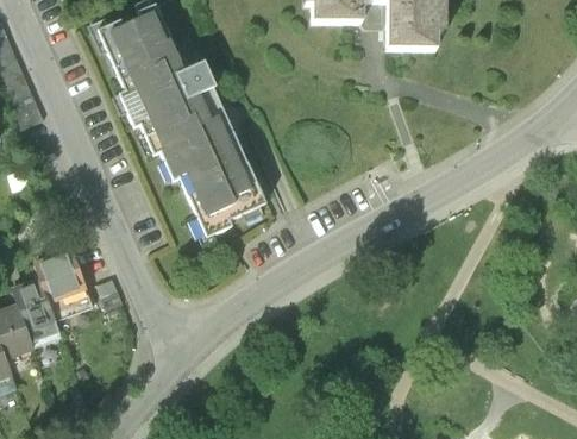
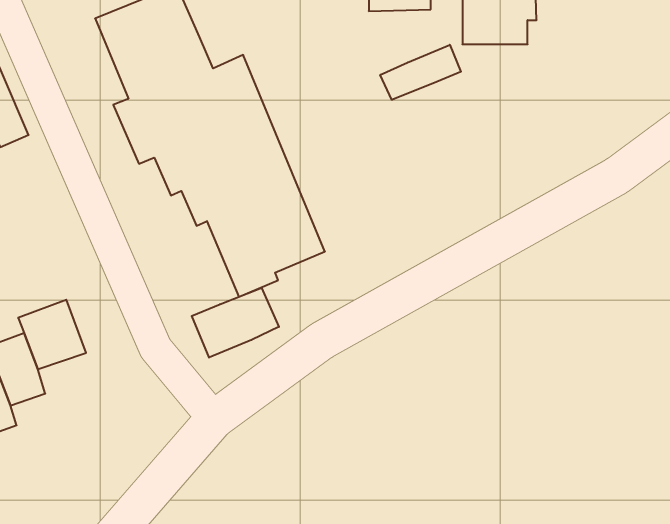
building: none -> [380,45,461,100]
building: none -> [192,288,279,358]

